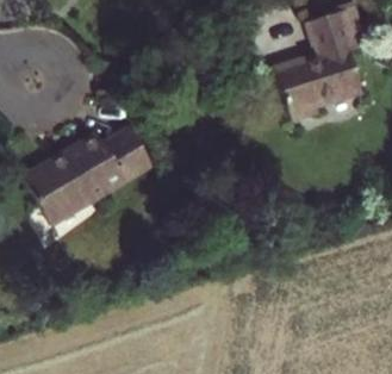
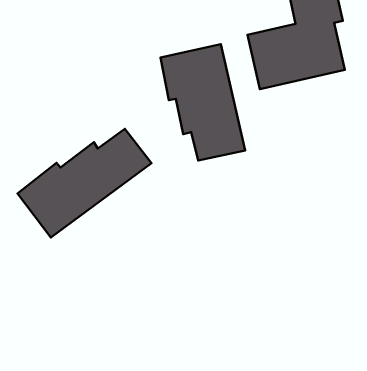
building: none -> [161,44,245,160]

